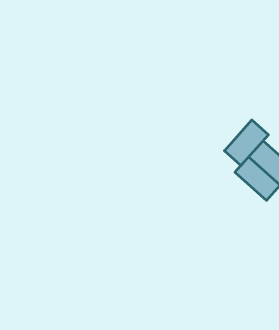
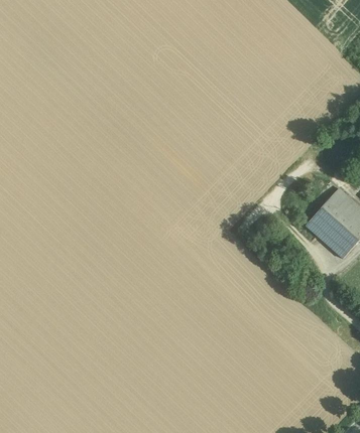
building: [224,120,268,166] -> none

